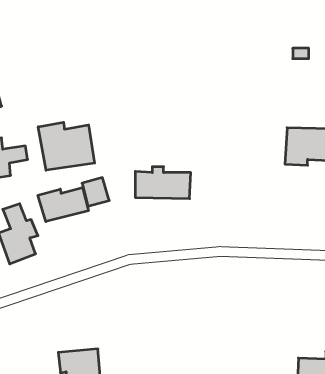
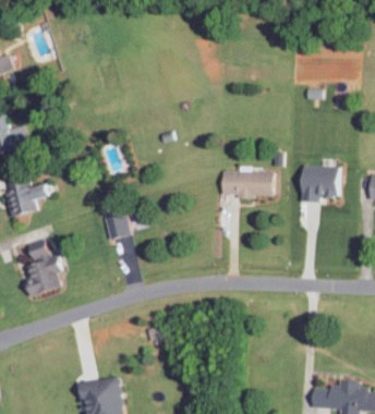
building: [38,122,95,170] -> none
building: [135,167,191,199] -> [221,166,275,196]
building: [38,187,88,222] -> none

